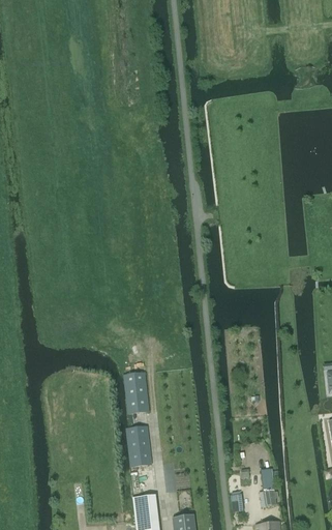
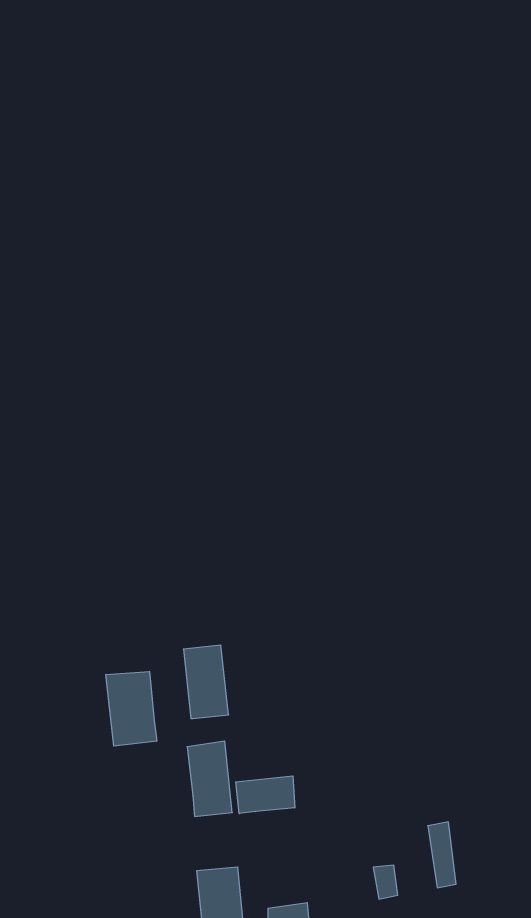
building: none -> [106,671,157,746]
building: none -> [236,776,295,814]

